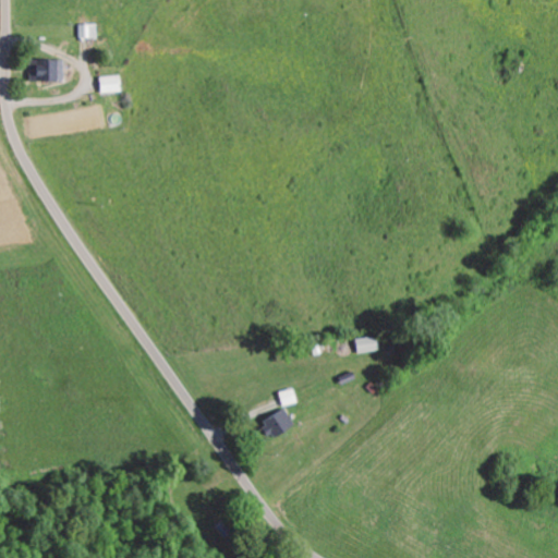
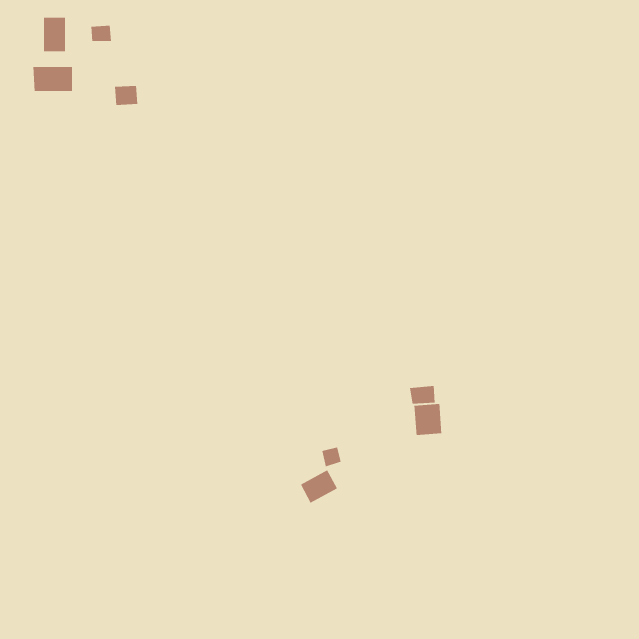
building: none -> [44,17,66,52]
building: none -> [414,403,442,436]

